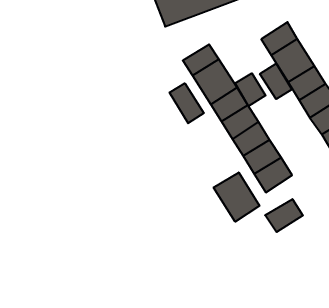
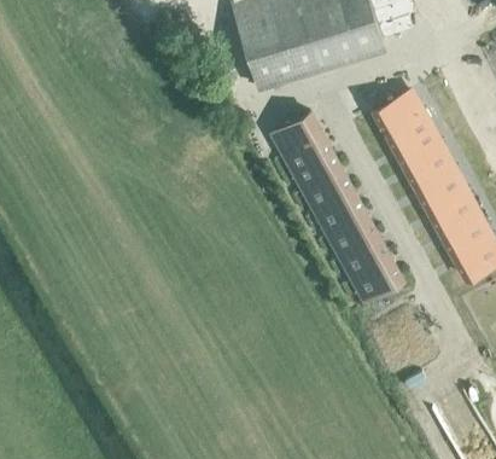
building: [260,63,292,99] -> none
building: [235,73,266,106] -> none
building: [170,83,204,123] -> none
building: [214,172,259,222] -> none
building: [265,199,303,232] -> none

